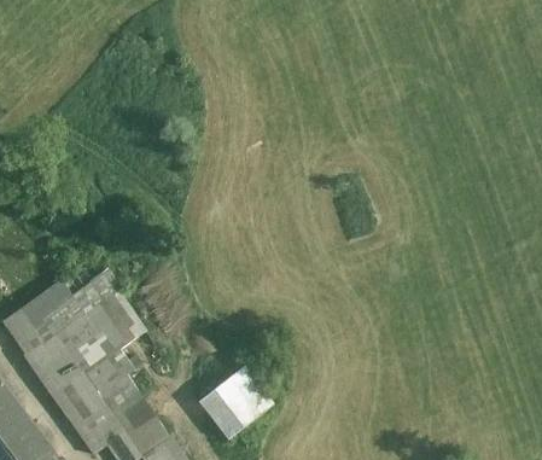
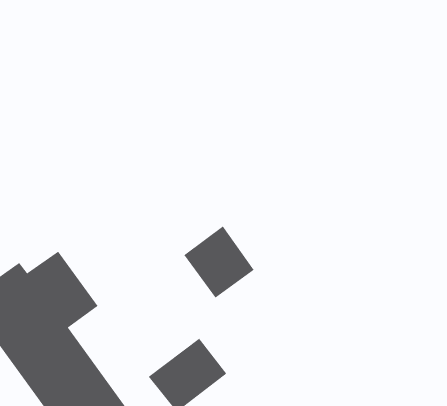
building: none -> [184,225,254,299]

